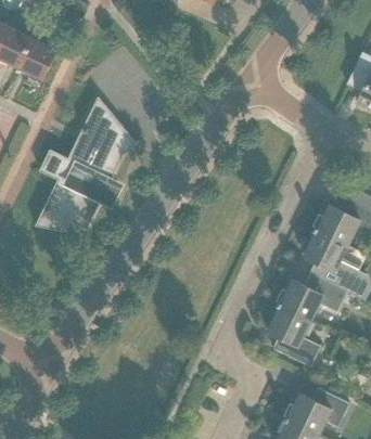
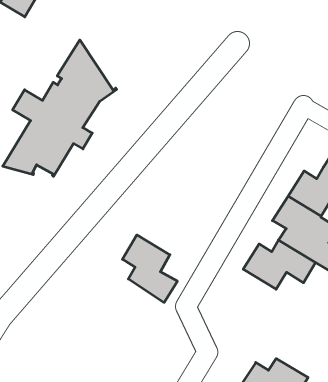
building: [265,305,320,367] -> [122,235,177,302]

